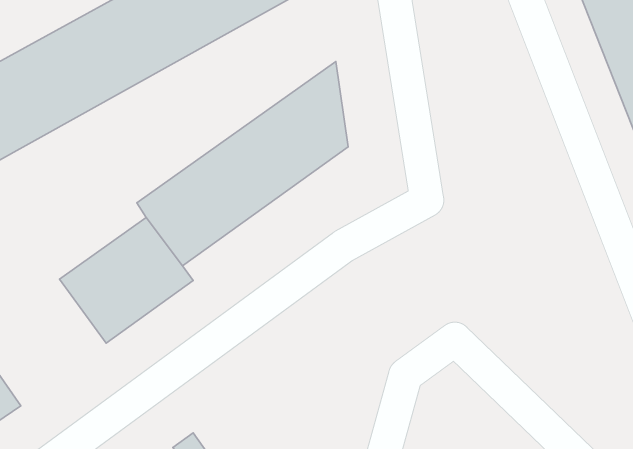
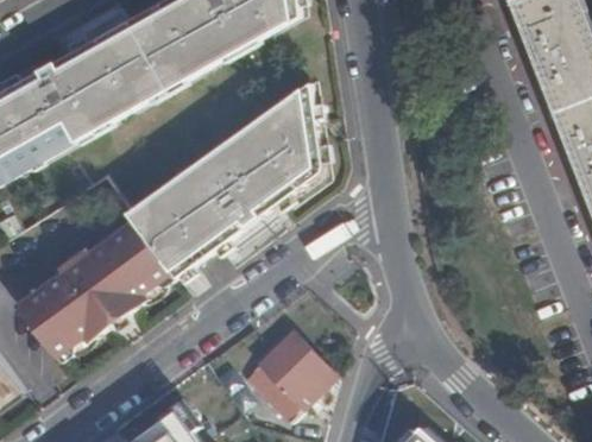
building: none -> [20,280,100,365]
building: none -> [244,336,334,425]

